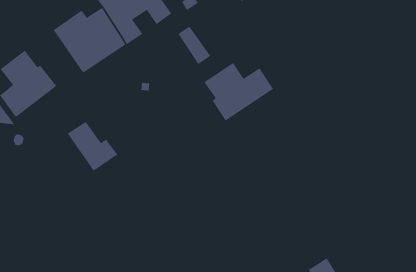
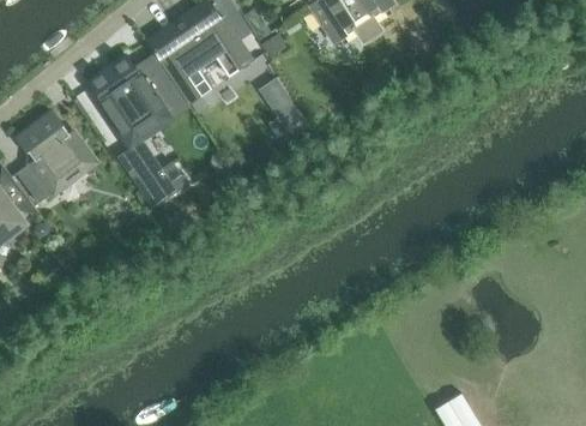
building: [204,62,274,121] -> none
building: [67,121,118,171] -> [116,139,186,208]

